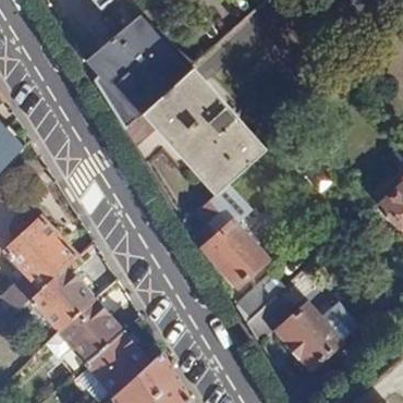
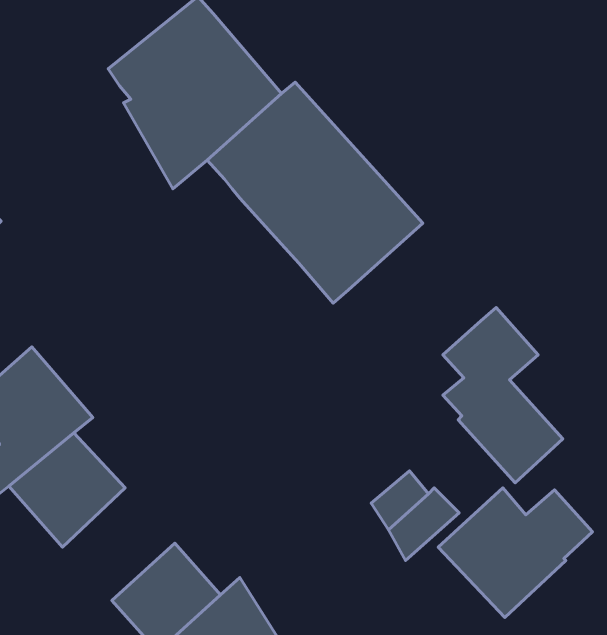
building: [193,184,261,284] -> [443,307,563,483]
building: [60,297,124,362] -> none

